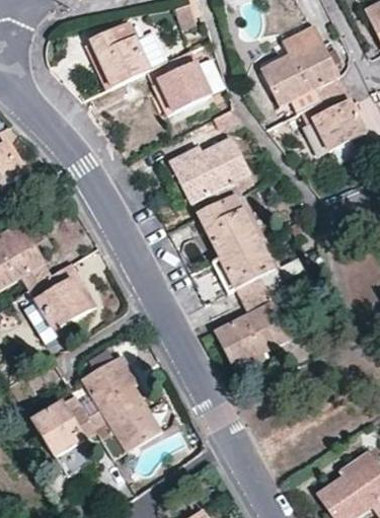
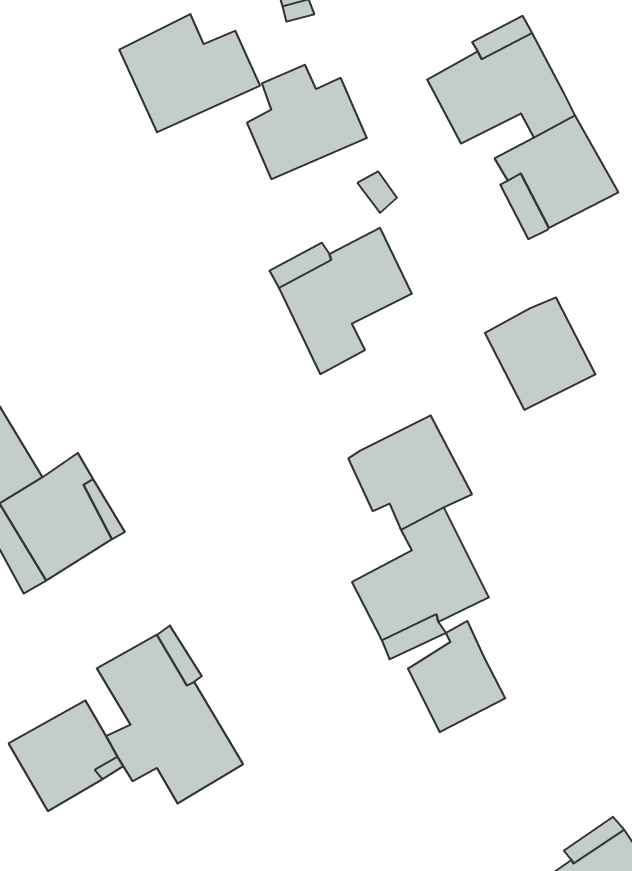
building: [201,200,260,261] -> [485,297,596,410]
building: none -> [408,621,505,732]

